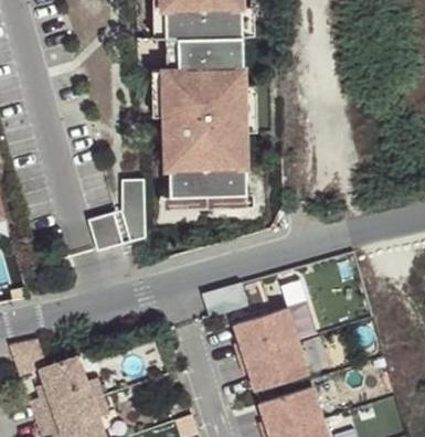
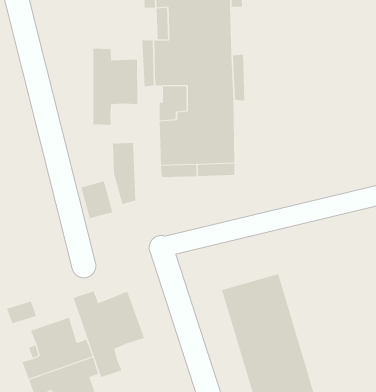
building: none -> [93,48,138,125]
building: none -> [73,290,145,378]

